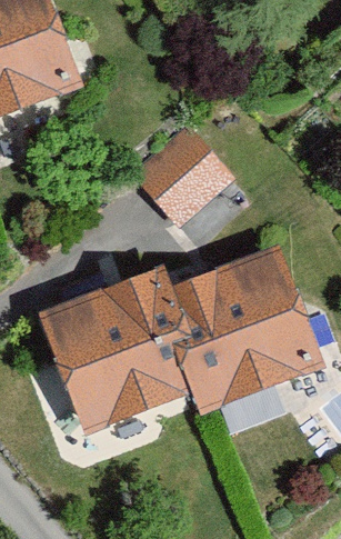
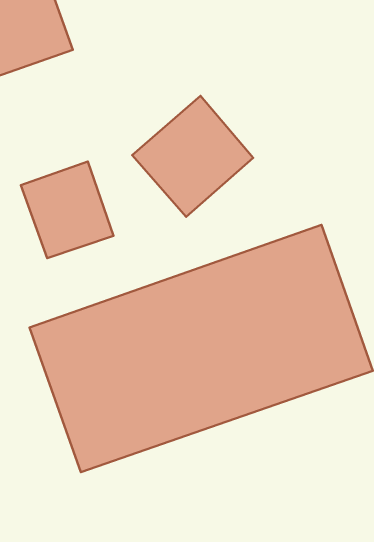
building: none -> [21,162,114,258]

